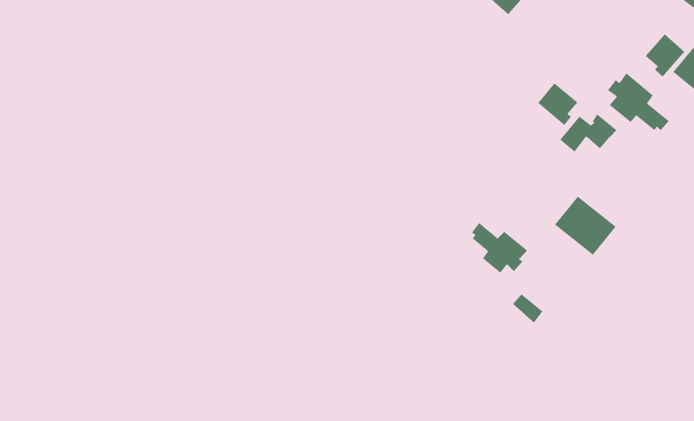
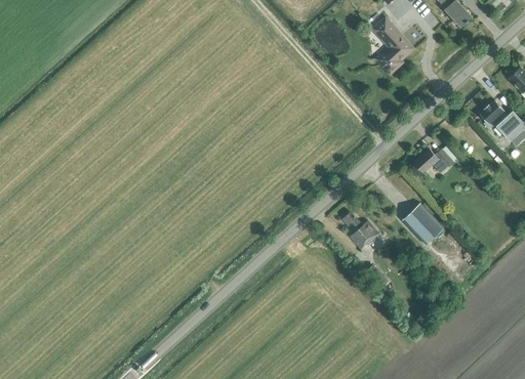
building: [607,72,670,131] -> none
building: [538,83,578,126] -> none

